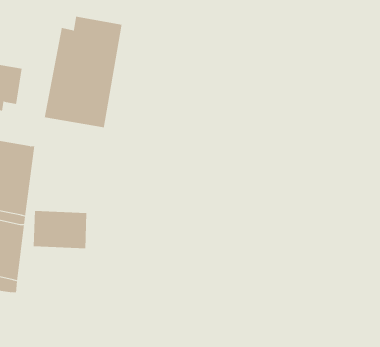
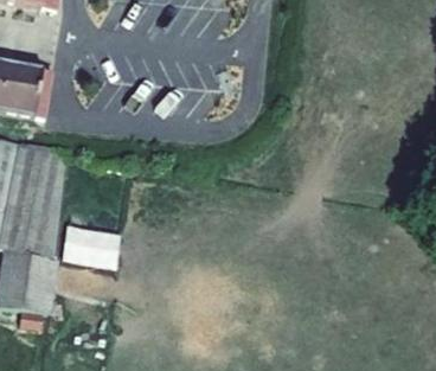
building: [44,16,122,128] -> none

